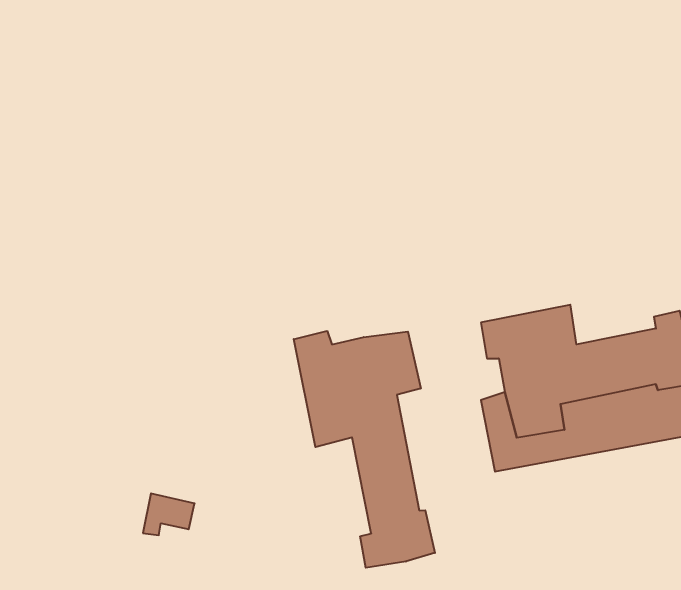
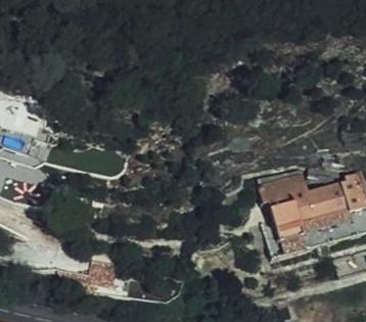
building: [294,331,435,568] -> none

